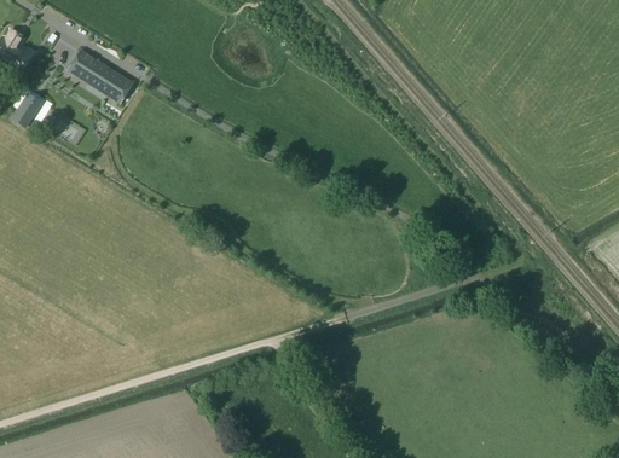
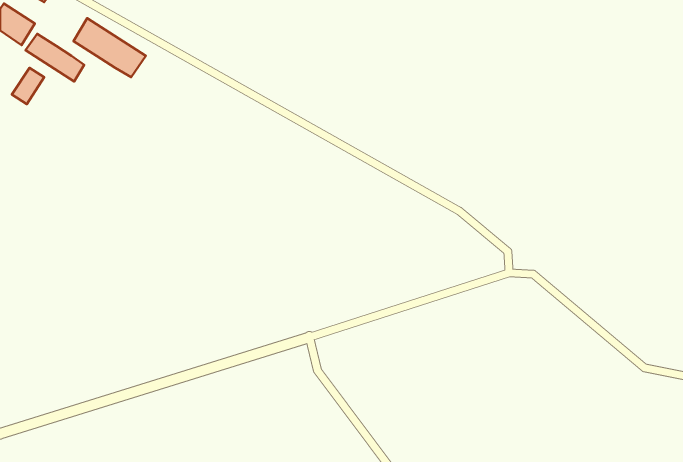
building: none -> [26,34,84,82]

